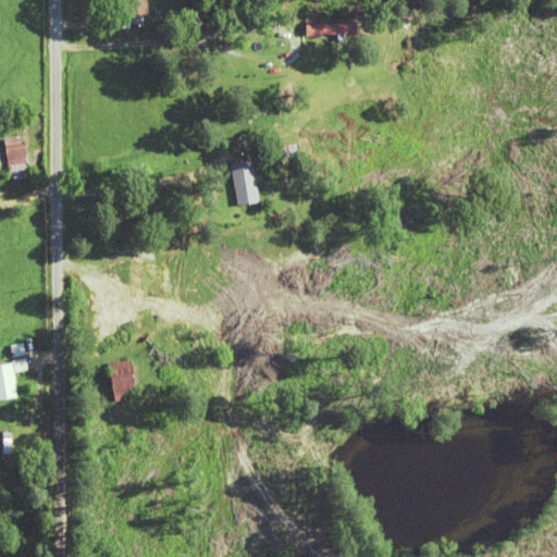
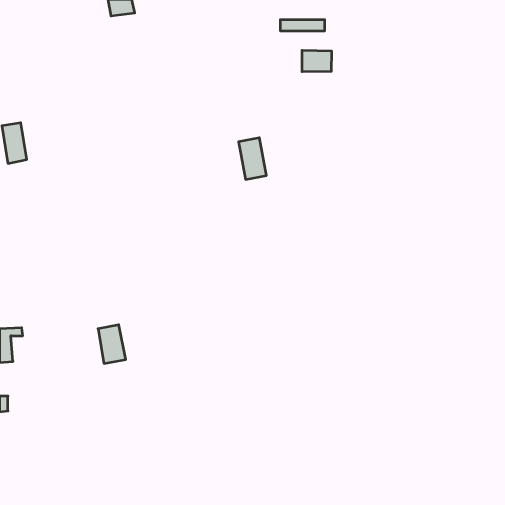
building: none -> [302,50,331,72]
building: [230,160,260,206] -> [239,138,266,179]

